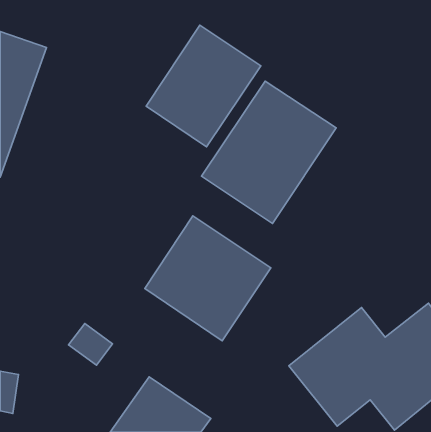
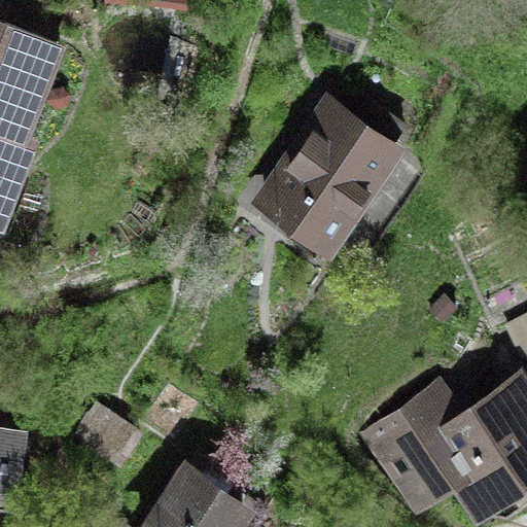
building: [146,25,261,147] -> none
building: [145,216,271,341] -> none

